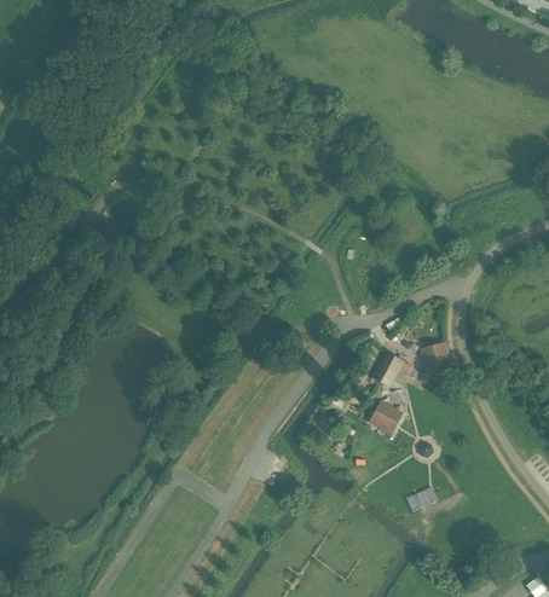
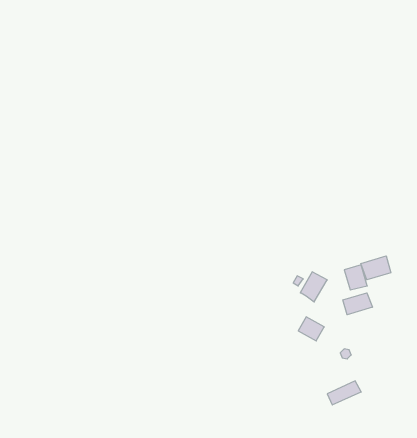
building: none -> [361,256,391,280]
building: none -> [343,293,372,315]

